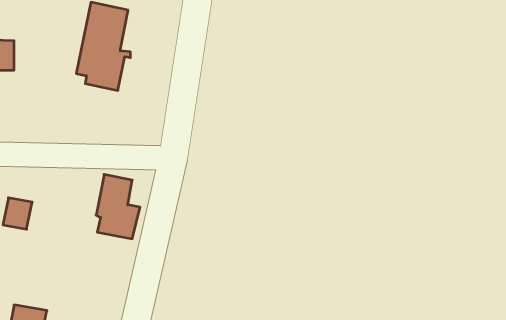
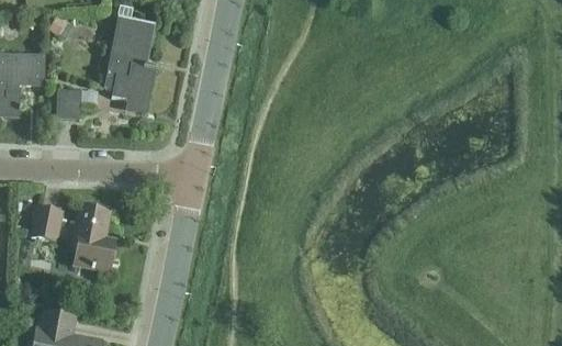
building: none -> [56,90,80,118]
building: [96,174,140,239] -> [72,207,115,269]

